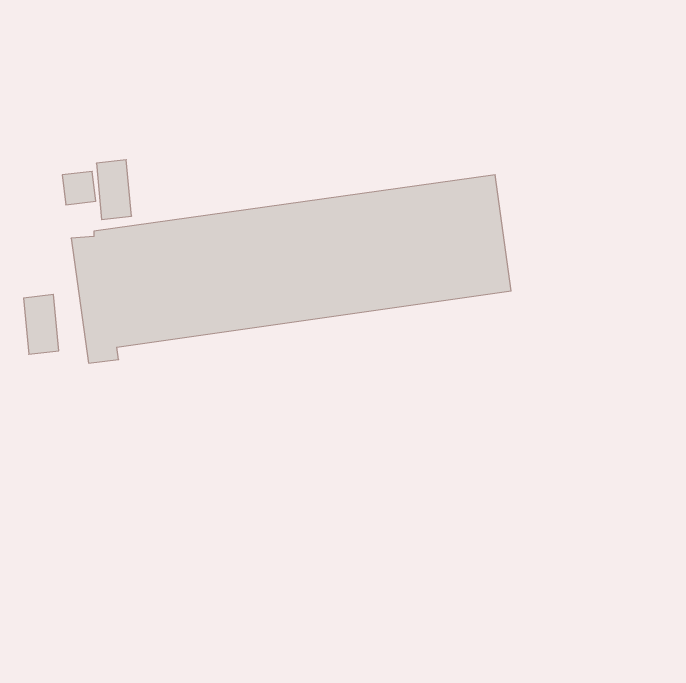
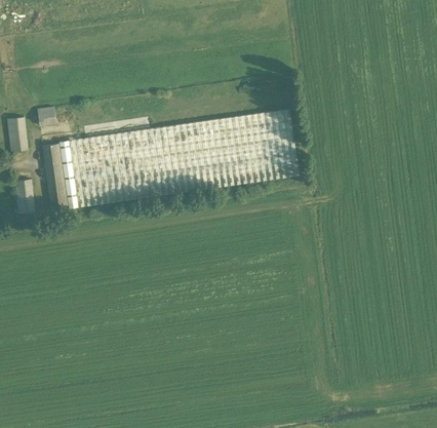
building: [96,160,132,220] -> [7,116,28,151]

